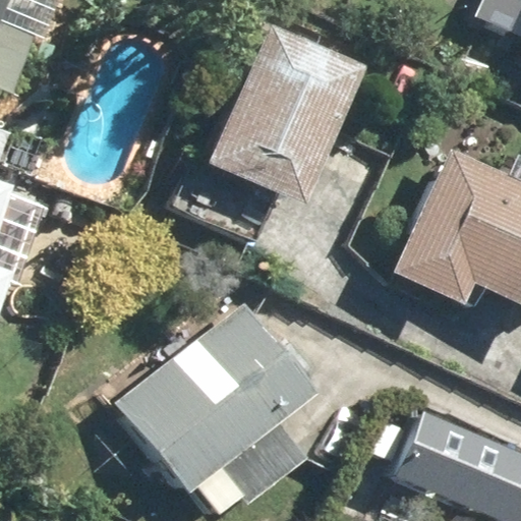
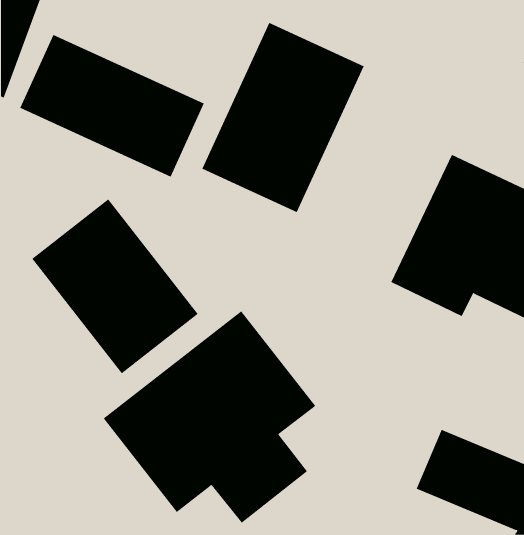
building: none -> [19,34,204,177]
building: none -> [32,198,199,374]

